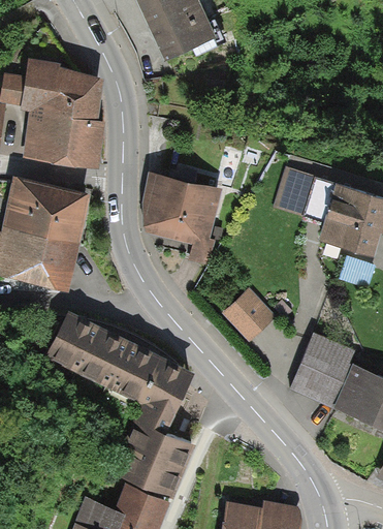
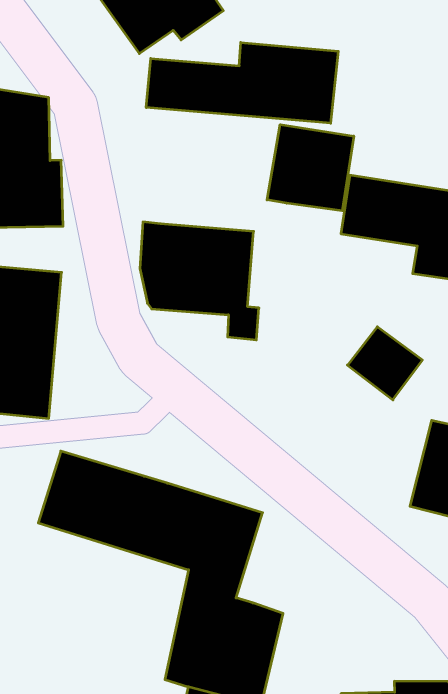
building: none -> [146,42,338,123]
building: none -> [267,125,354,211]
building: [223,289,273,339] -> [347,327,422,400]

